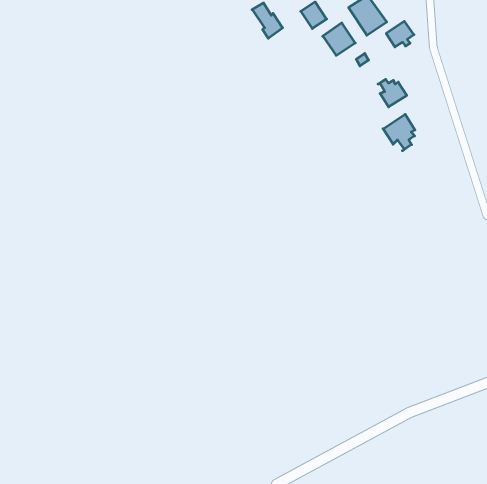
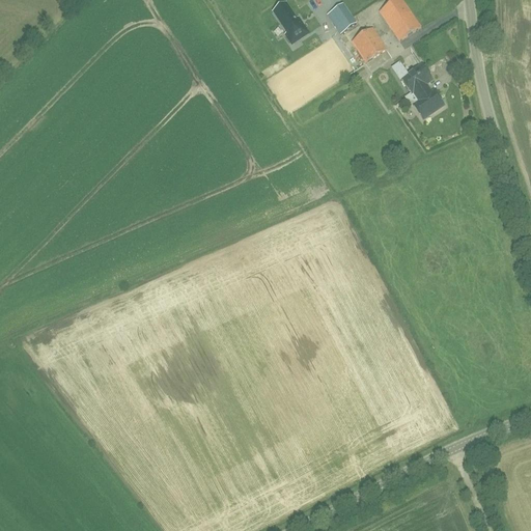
building: [386,21,414,47] -> [401,63,431,91]
building: [383,114,415,151] -> none

